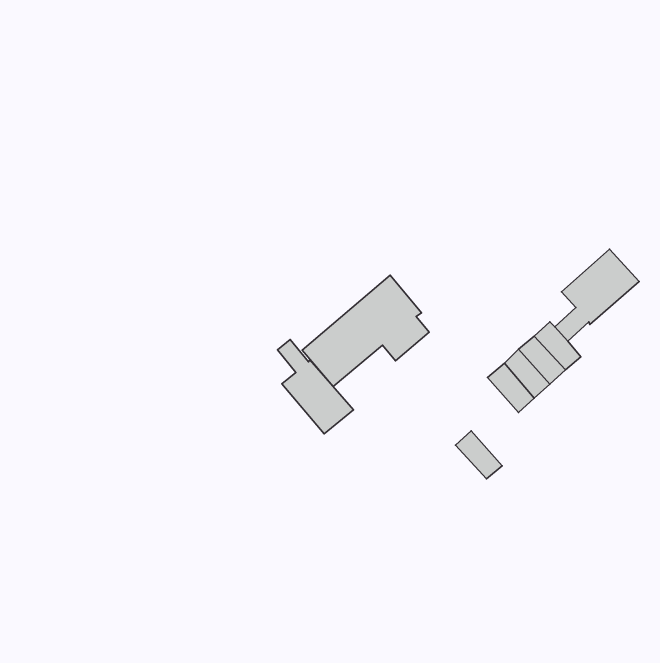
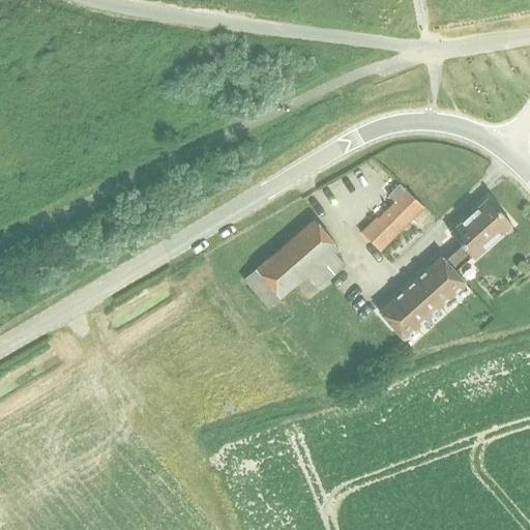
building: none -> [361,184,424,252]
building: [277,339,353,434] -> none
building: [455,431,502,479] -> [379,301,416,340]

